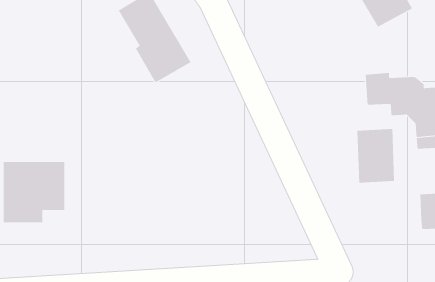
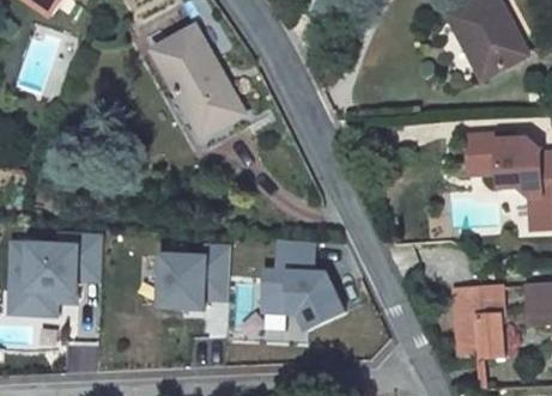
building: [357,128,395,183] -> [454,285,502,353]
building: none -> [262,238,344,329]
building: none -> [158,245,230,309]

